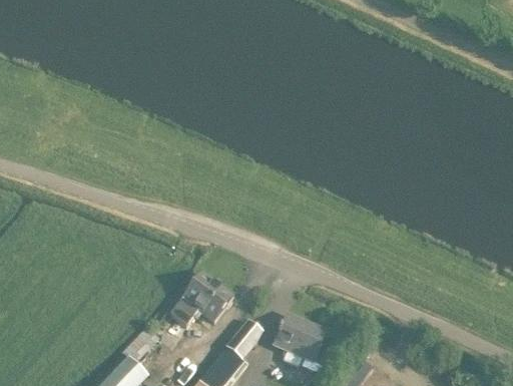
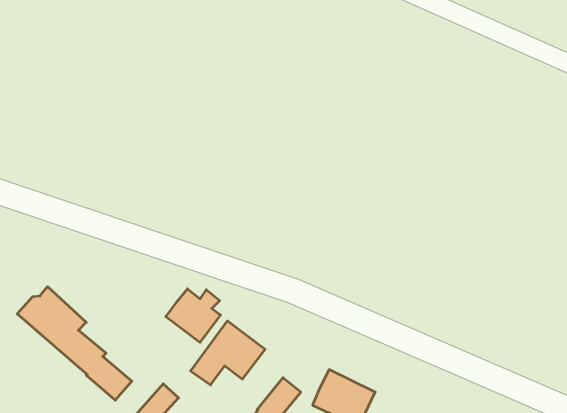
building: none -> [17,287,132,400]
building: none -> [166,289,221,342]

